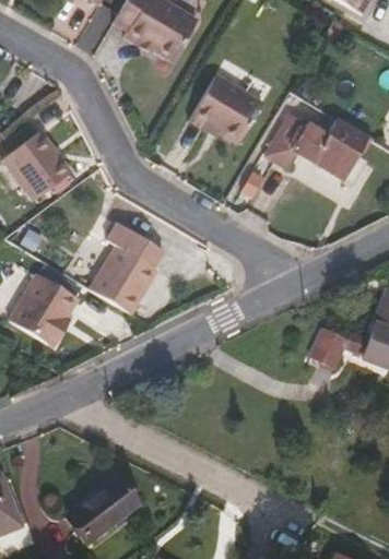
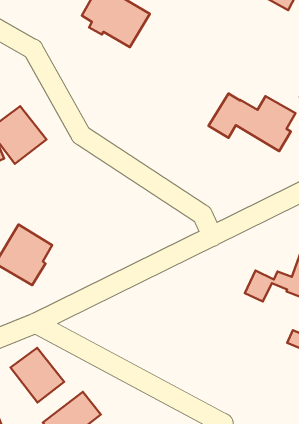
building: [190,75,263,144] -> none
building: [90,207,175,314] -> none
building: none -> [11,348,64,403]

